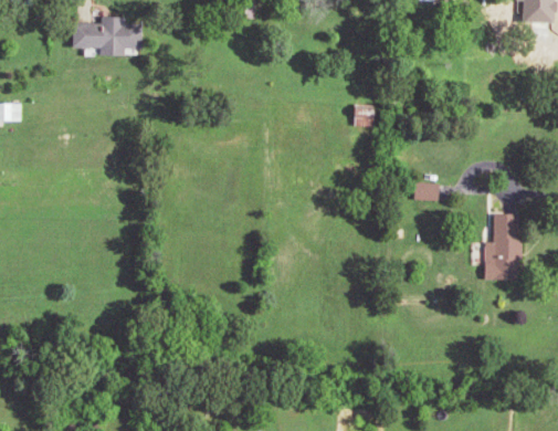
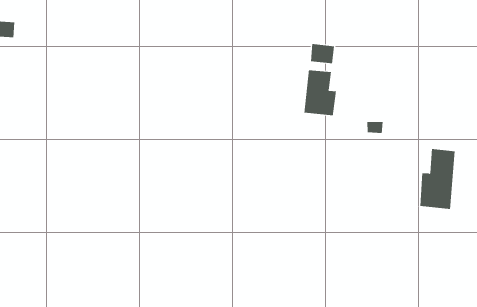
building: none -> [304,70,336,116]

